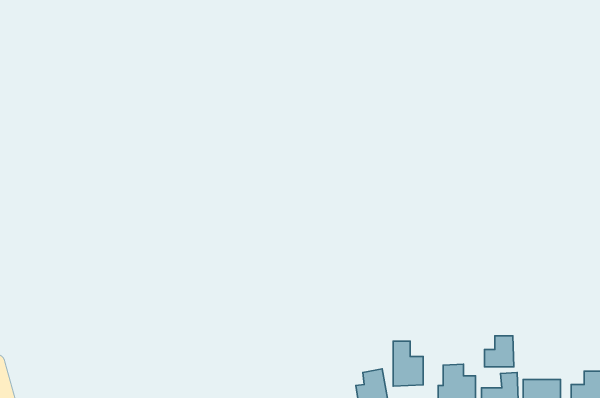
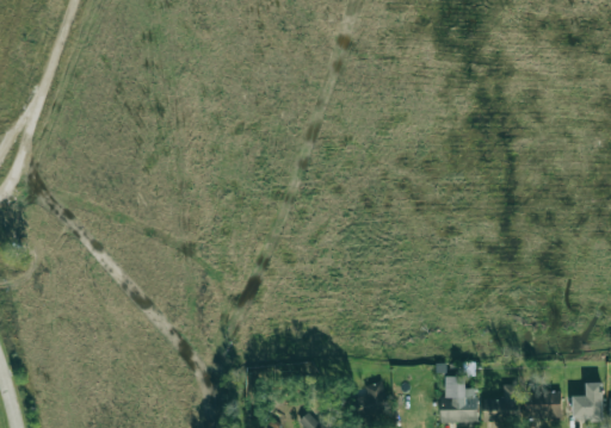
building: [485,336,514,367] -> none
building: [393,341,423,386] -> none

